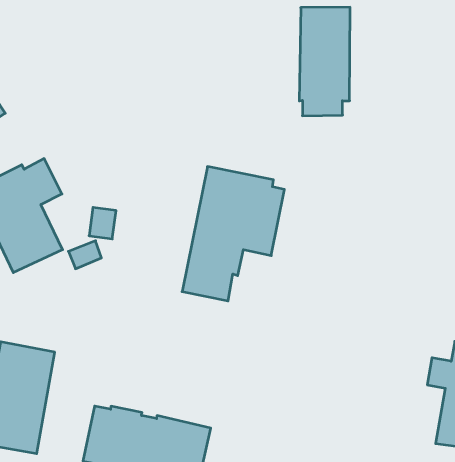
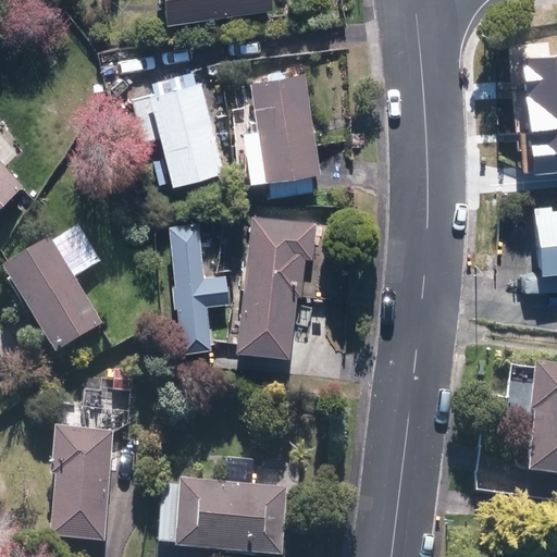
building: [299,7,350,116] -> [252,71,318,193]
building: none -> [134,77,222,183]
building: none -> [171,221,230,349]

